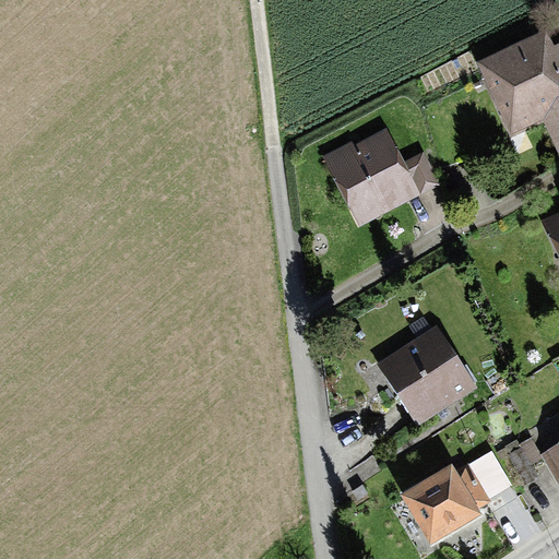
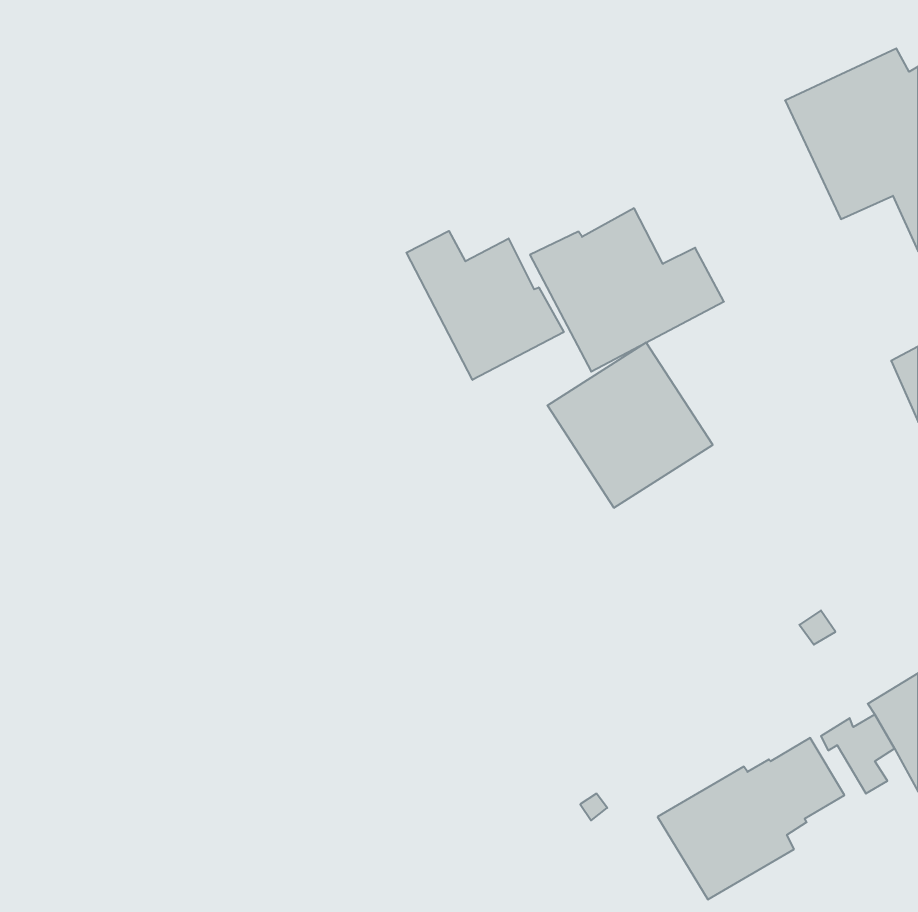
building: none -> [406,231,564,380]
building: [377,325,477,426] -> [547,343,713,508]

